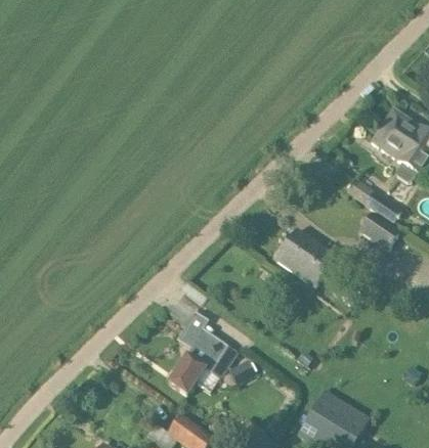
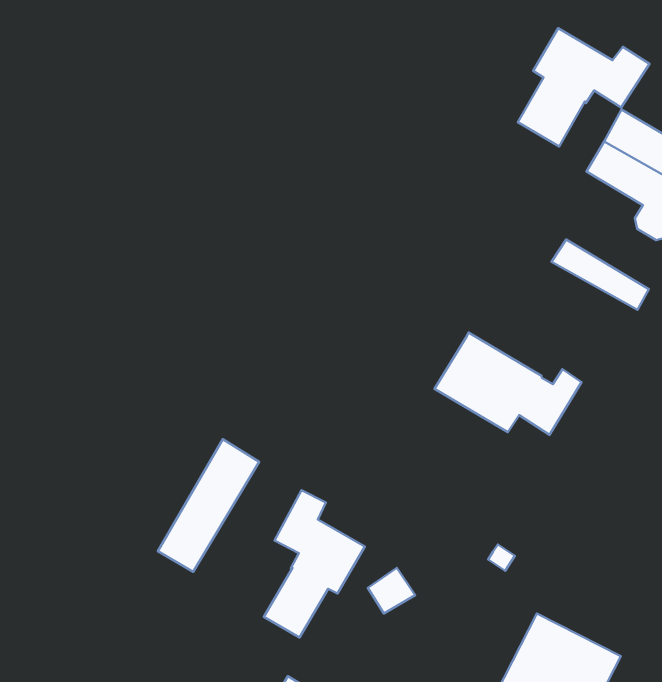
building: none -> [518,28,649,146]
building: [358,212,401,251] -> none
building: none -> [158,439,259,572]

